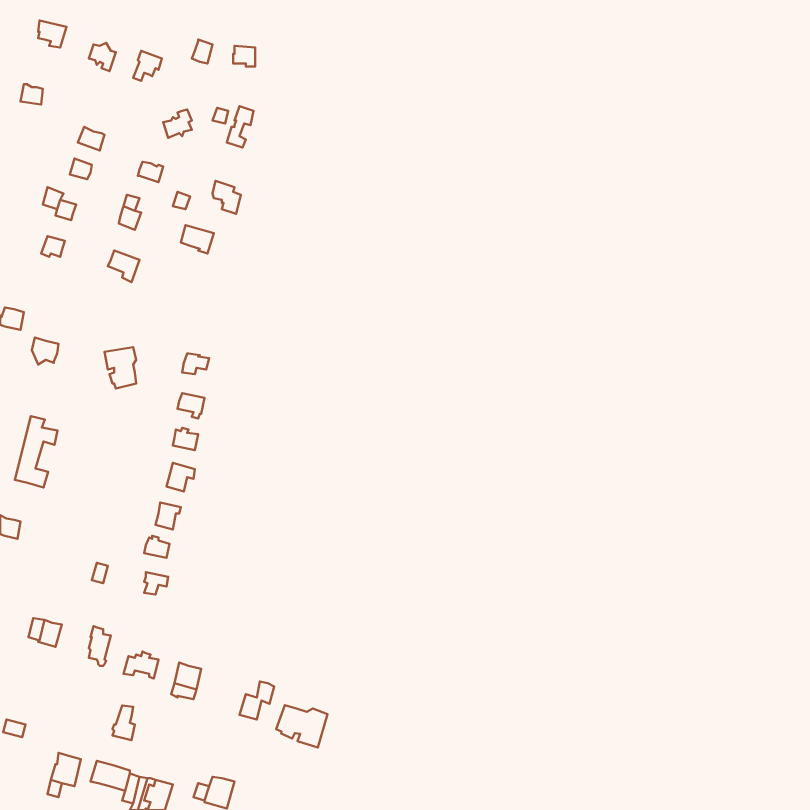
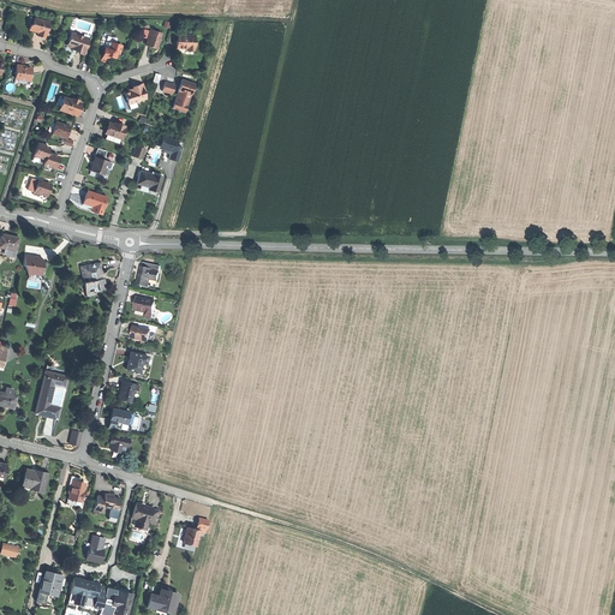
building: [15,416,58,488] -> [36,364,68,418]
building: [276,705,327,747] -> none

